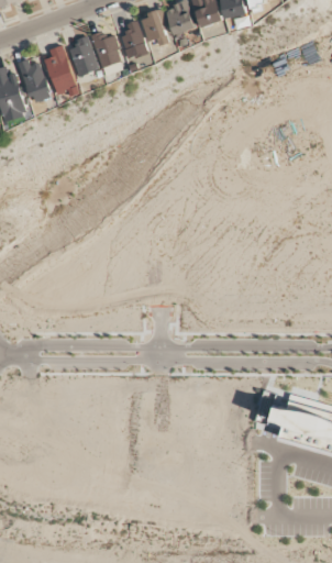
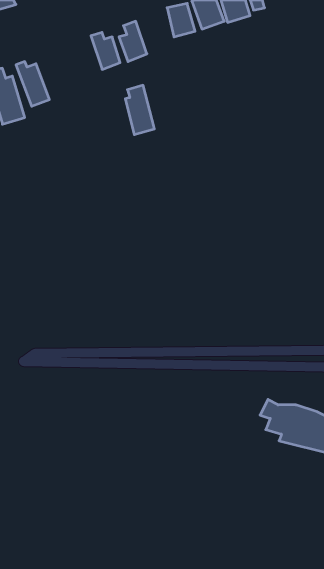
building: [142,11,169,46] -> none
building: [69,36,98,78] -> none
building: [46,46,75,95] -> [125,85,154,135]

